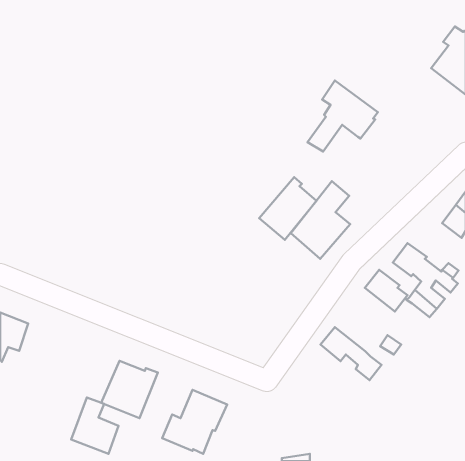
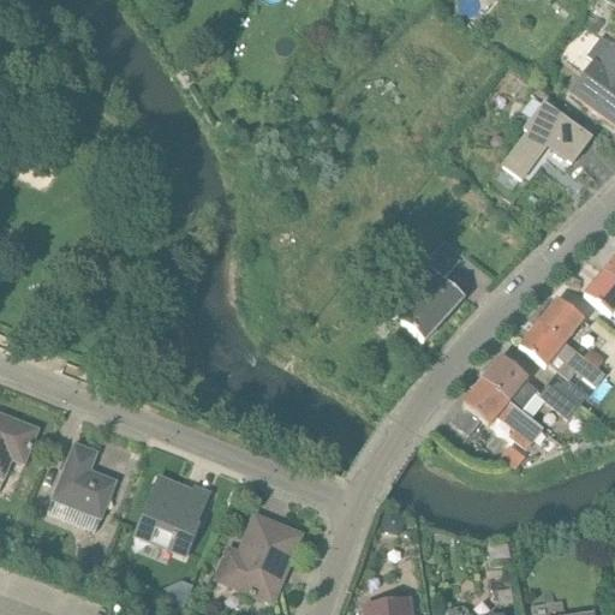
building: [308,80,378,151] -> [501,85,593,179]
building: [259,177,316,240] -> none
building: none -> [538,297,581,339]
building: [320,327,381,380] -> [462,380,543,449]
building: [71,397,119,454] -> [54,442,117,517]

